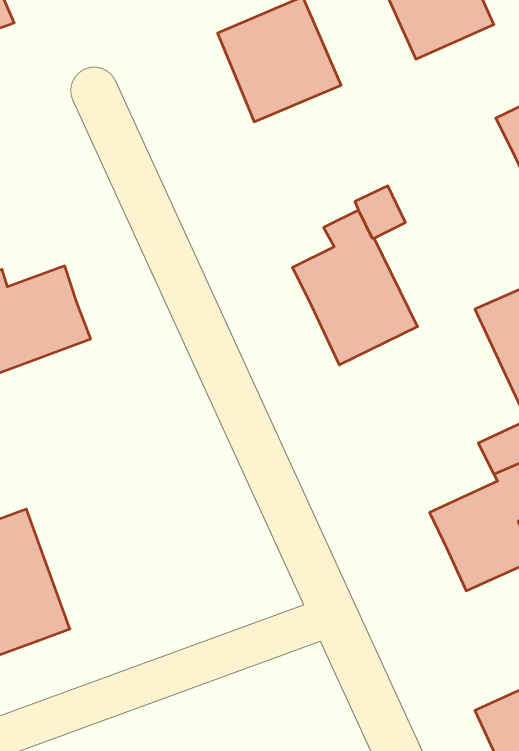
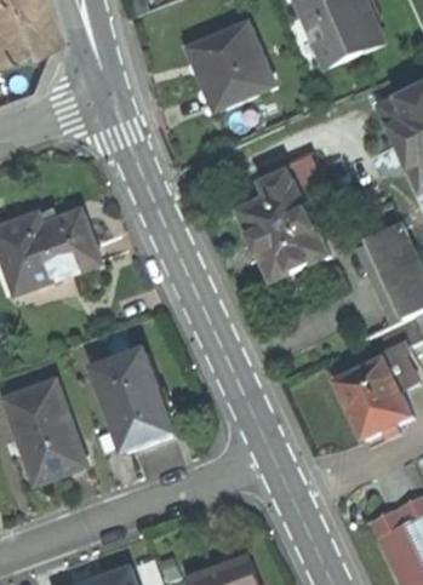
building: none -> [96,351,173,448]

